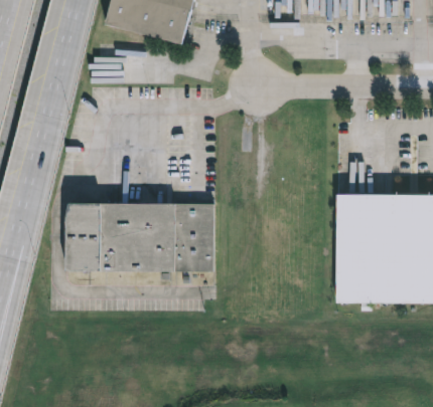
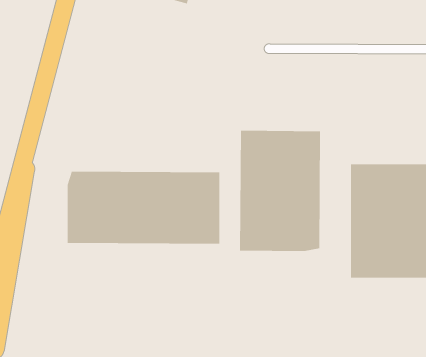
building: none -> [240,130,320,252]

